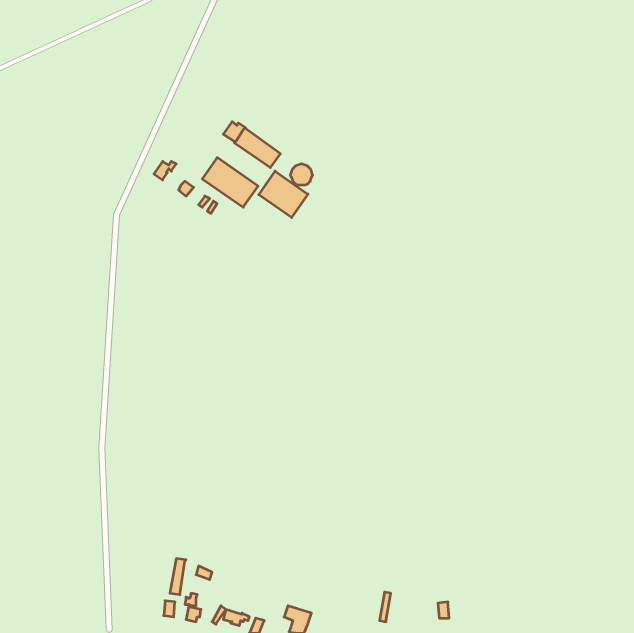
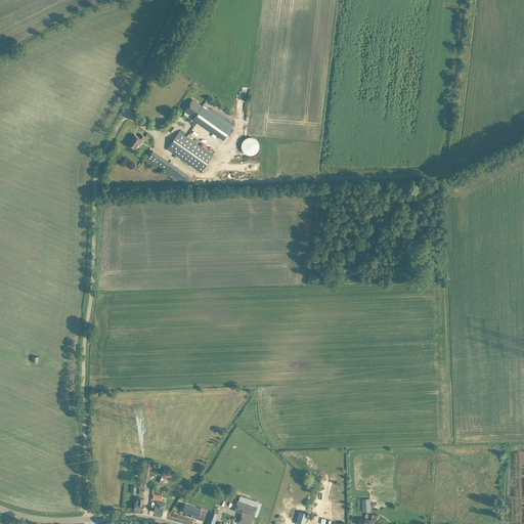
building: [259,171,308,218] -> none

